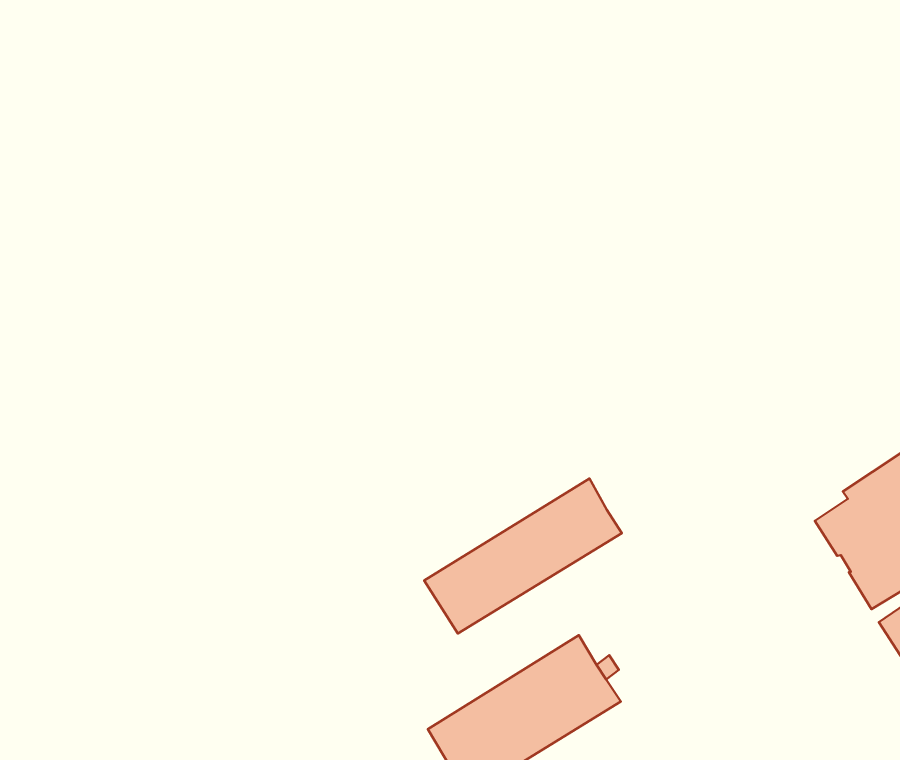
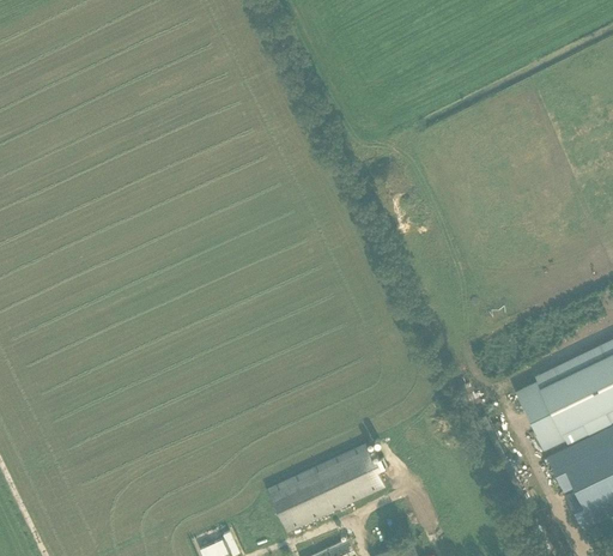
building: [424,479,622,633] -> none

